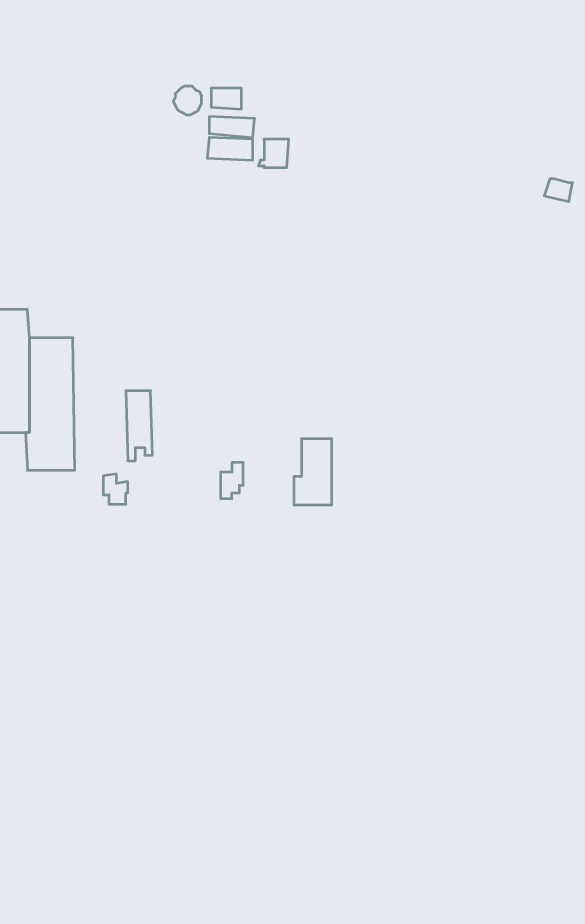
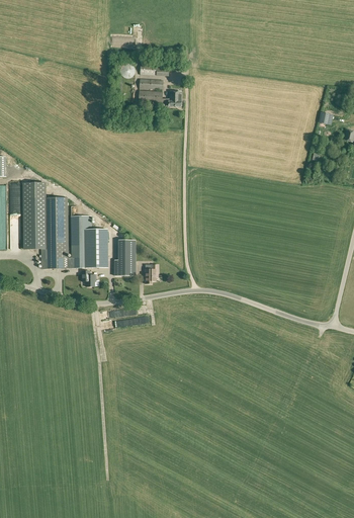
building: none -> [70,215,91,268]
building: [294,439,332,505] -> [114,240,135,275]

